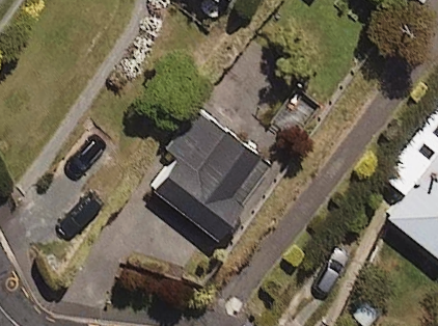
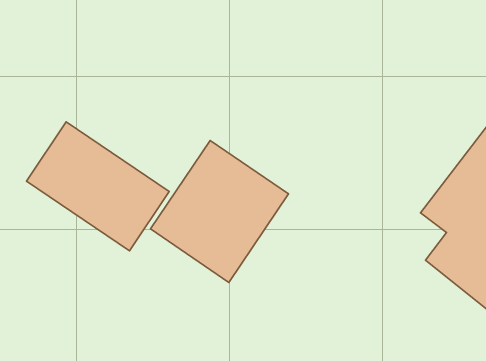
building: none -> [27,122,169,251]

